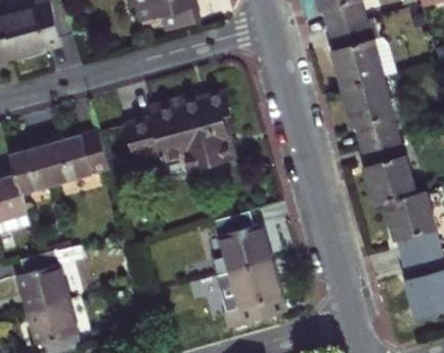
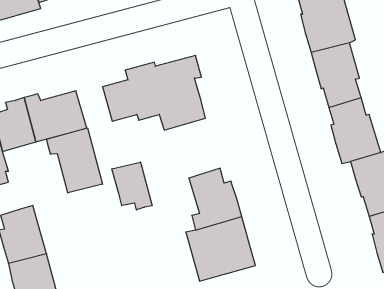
building: none -> [47,128,103,193]
building: none -> [112,162,152,210]

